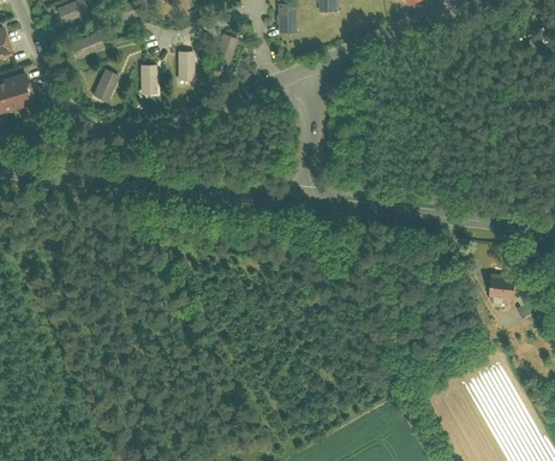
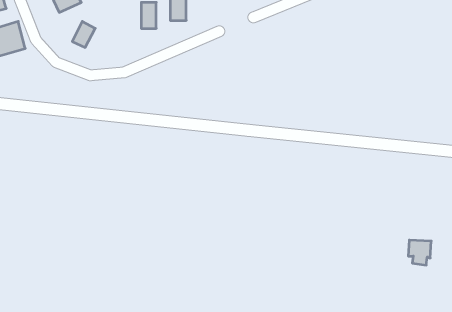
building: [139,65,159,95] -> none
building: [489,276,517,306] -> [408,240,431,265]

